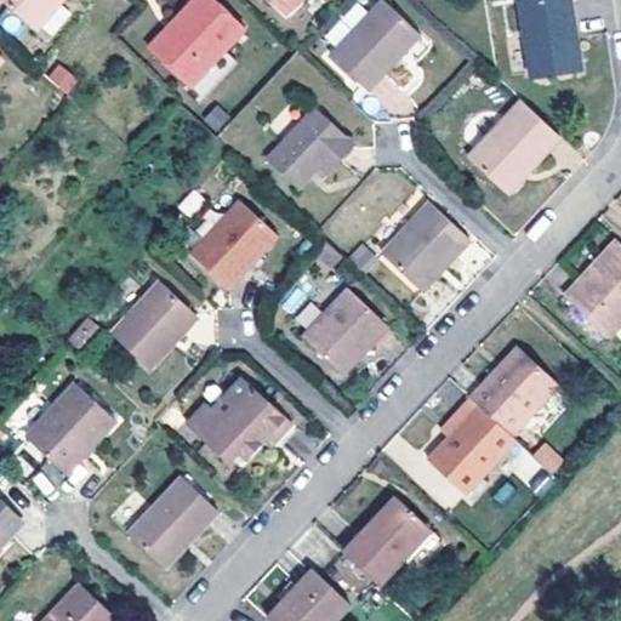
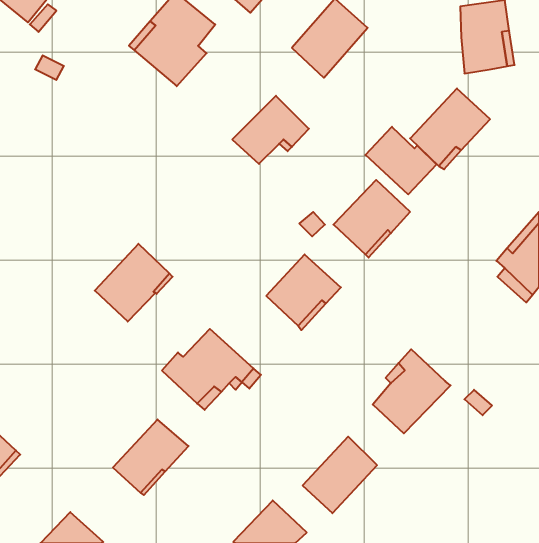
building: none -> [365,127,437,194]
building: [190,199,278,287] -> none
building: [468,351,553,434] -> none
building: [25,381,113,471] -> none

